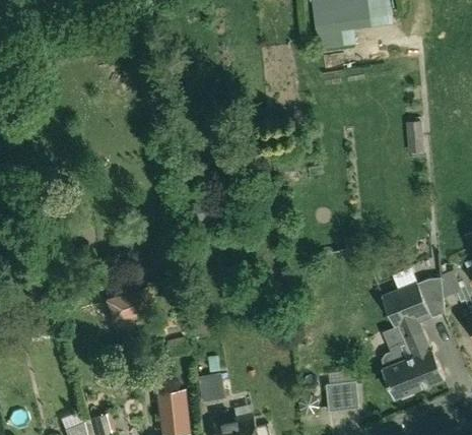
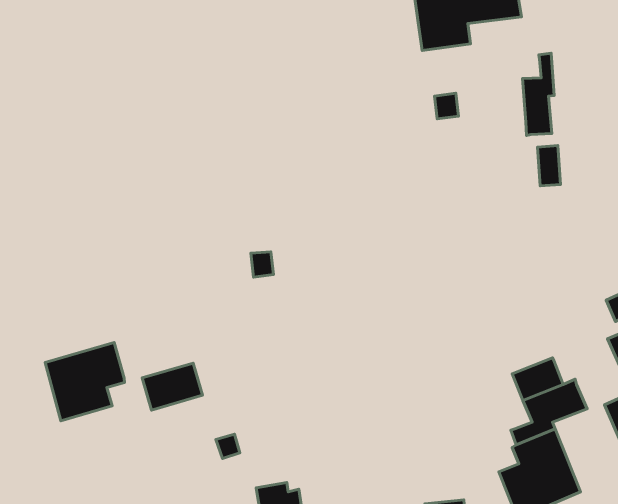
building: none -> [522,53,554,135]
building: none -> [45,342,124,421]
building: [420,270,458,300] -> none

